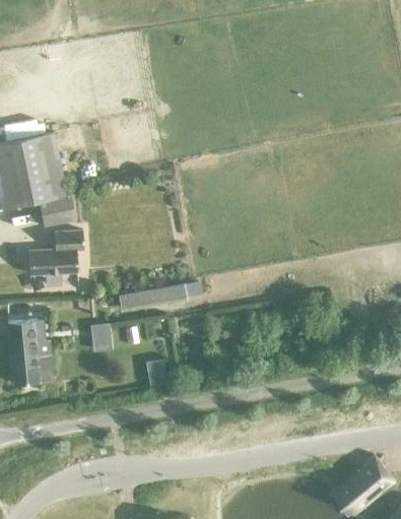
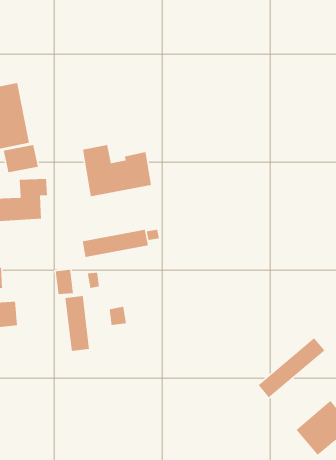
building: none -> [82,144,152,197]
building: none -> [65,295,90,352]
building: none -> [257,337,326,399]

